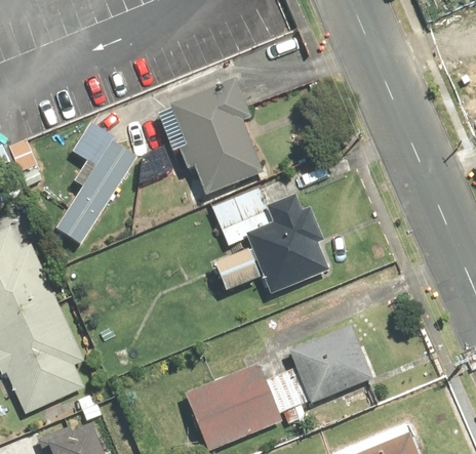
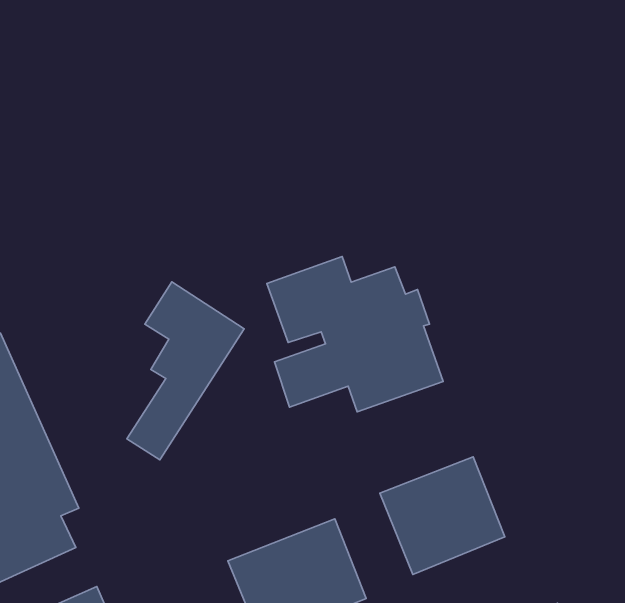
building: [172,80,264,196] -> none
building: [56,122,136,243] -> [127,282,244,460]

